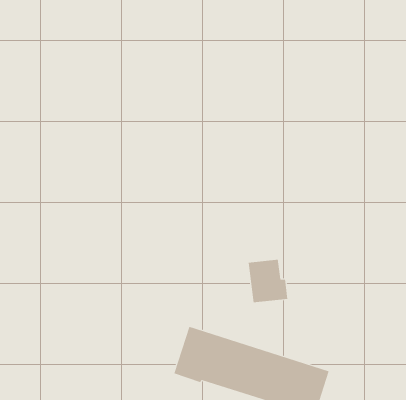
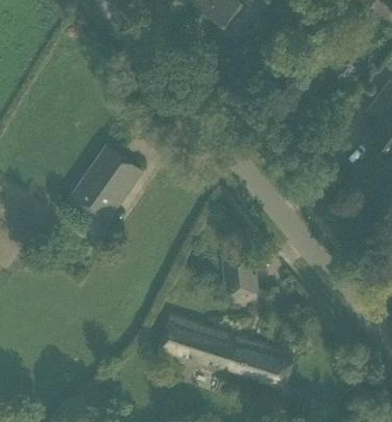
building: none -> [71,147,140,217]

